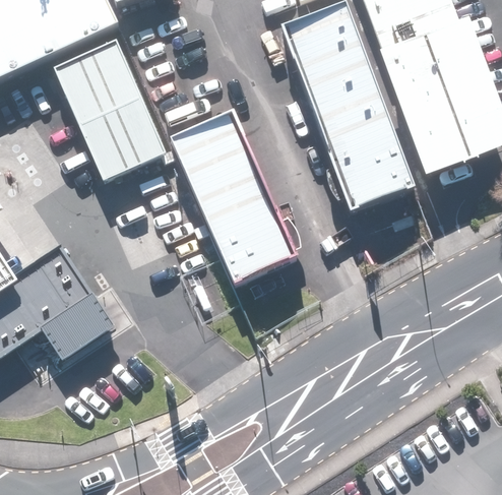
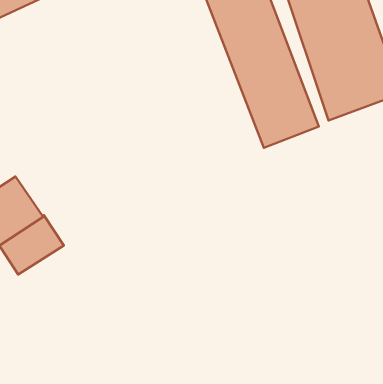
building: [57,45,167,181] -> none
building: [172,113,295,283] -> none

